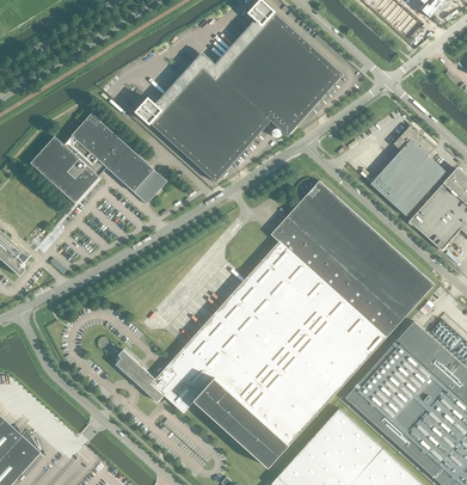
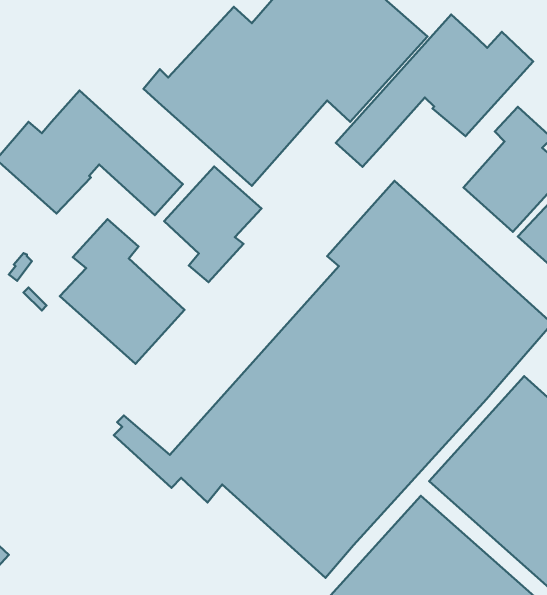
building: none -> [336,15,533,167]
building: none -> [164,166,262,282]
building: none -> [60,219,185,364]

